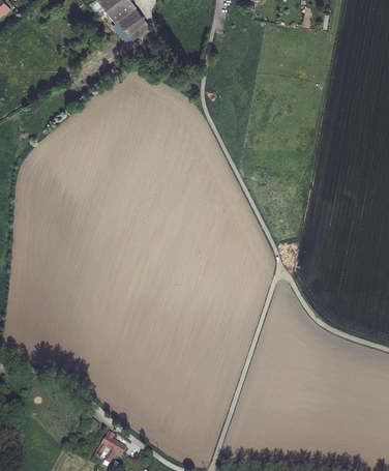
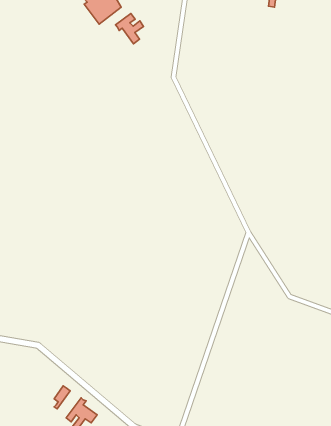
building: none -> [116,13,143,44]

